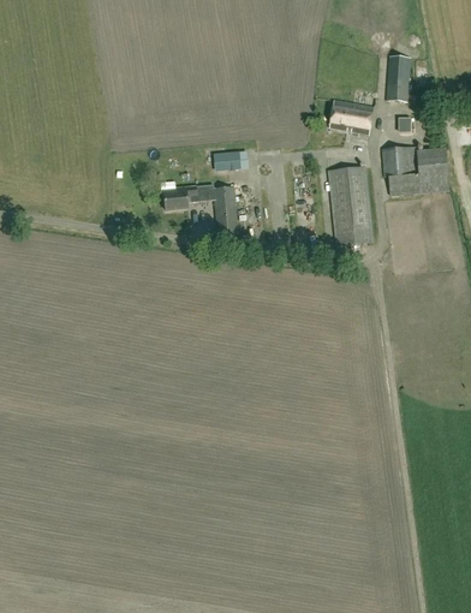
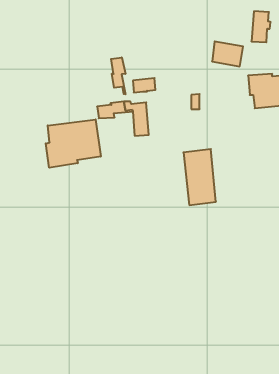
building: none -> [111,57,125,94]
building: [327,165,374,245] -> [183,149,216,205]
building: none -> [46,119,101,168]

